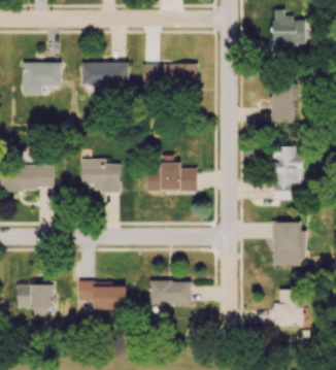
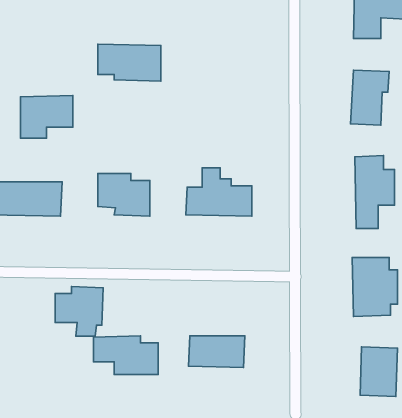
building: [23,63,62,95] -> [20,96,73,138]
building: [142,64,198,89] -> none
building: [18,280,54,317] -> [55,287,103,336]

